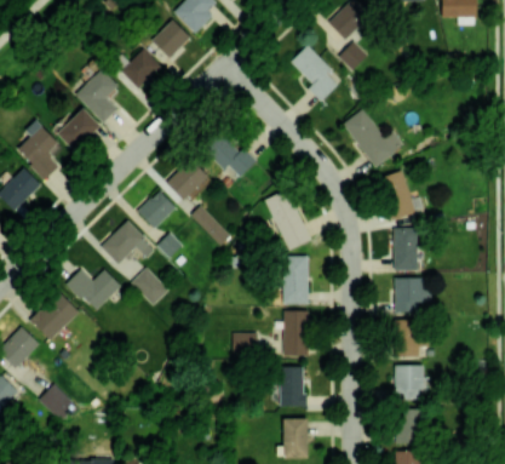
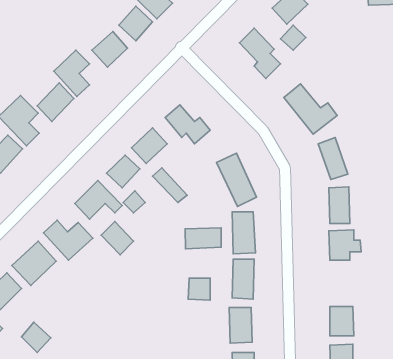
building: none -> [185,228,221,249]
building: [394,321,425,359] -> none

